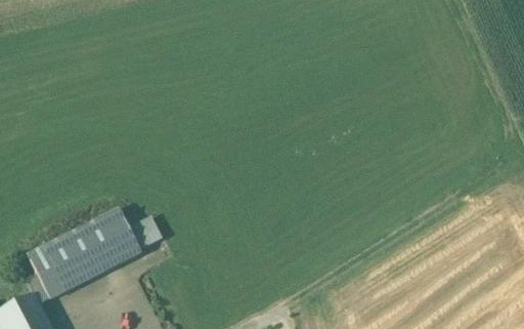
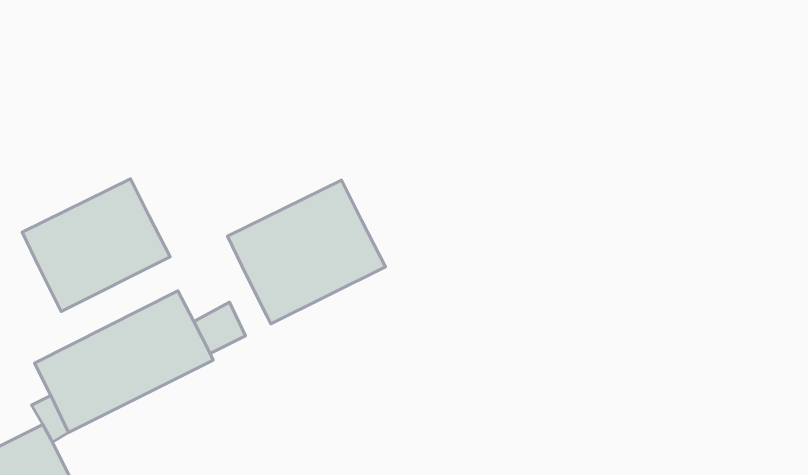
building: none -> [22,179,170,311]
building: none -> [228,180,385,324]

